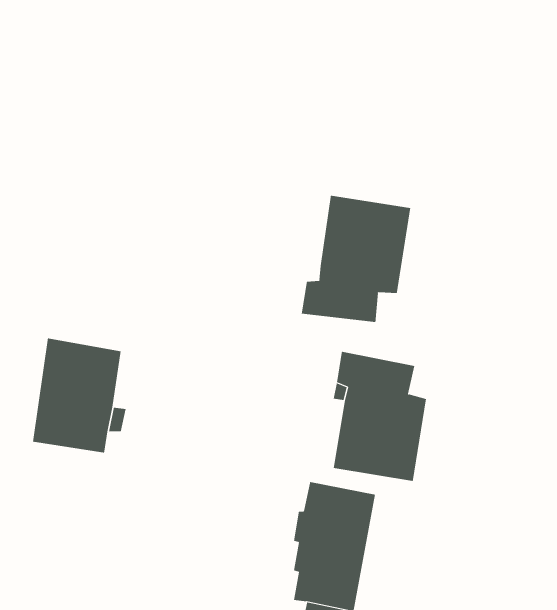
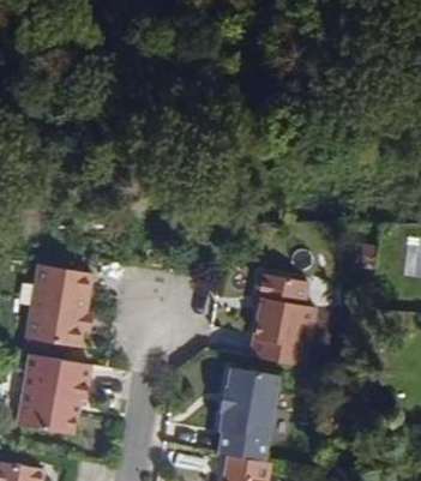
building: [301,195,411,323] -> none
building: none -> [18,351,91,432]

